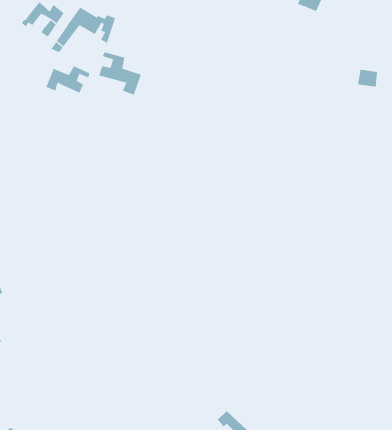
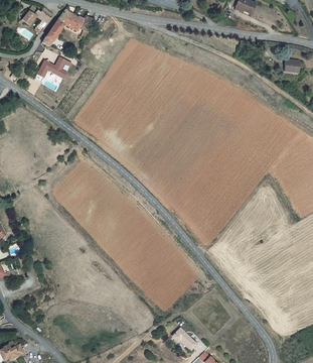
building: [99,51,141,96] -> none

